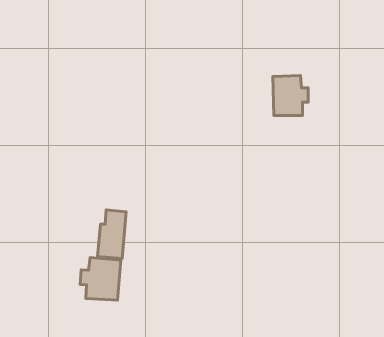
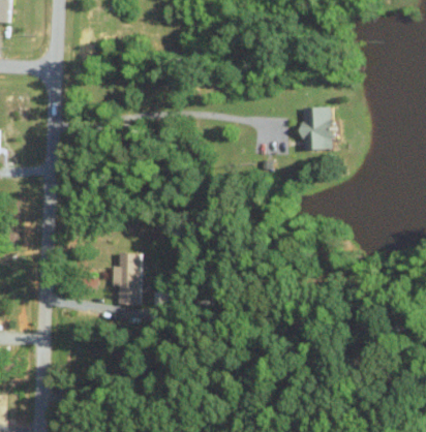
building: [80,258,121,300] -> none

